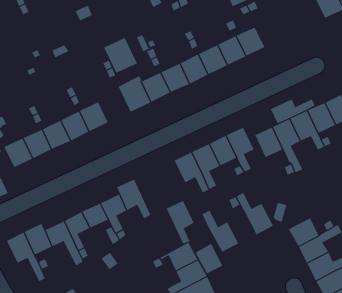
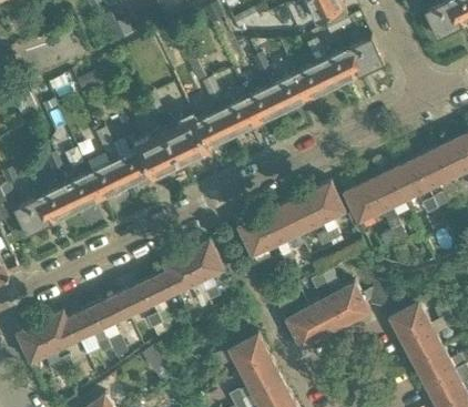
building: none -> [345,37,384,77]
building: [103,37,138,73] -> [134,129,180,176]
building: [270,98,316,124] -> none
building: [166,200,194,245] -> [185,240,223,298]
building: [195,243,223,274] -> [308,295,346,336]

